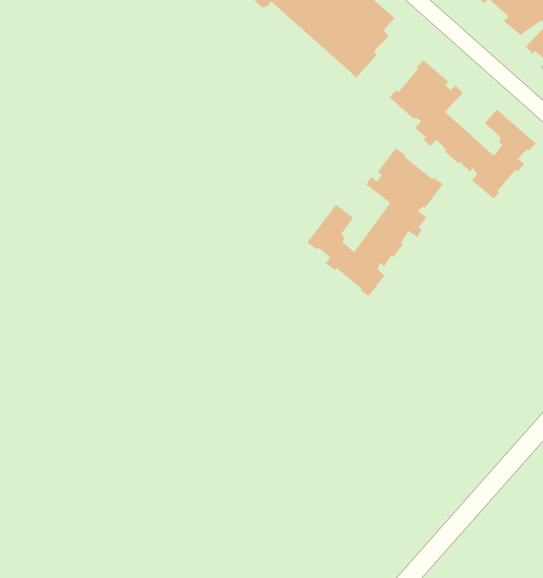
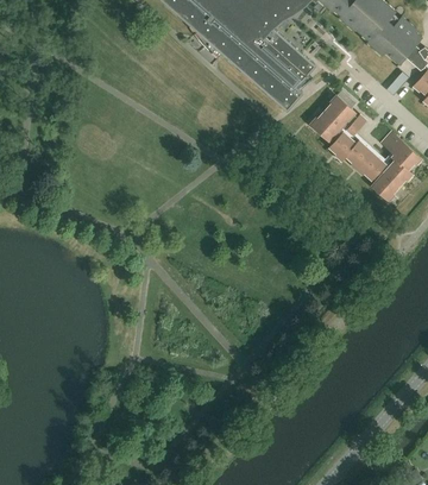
building: [307,147,444,297] -> none

